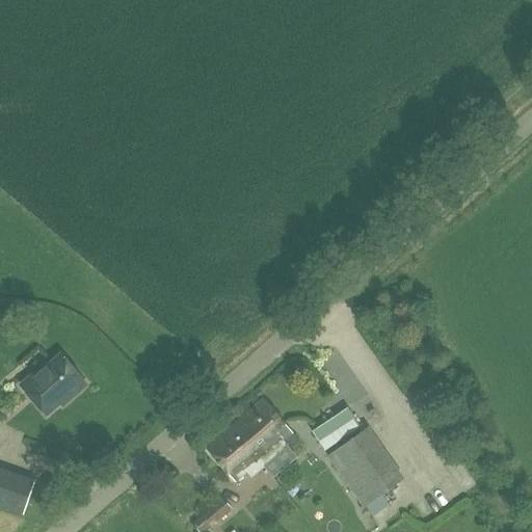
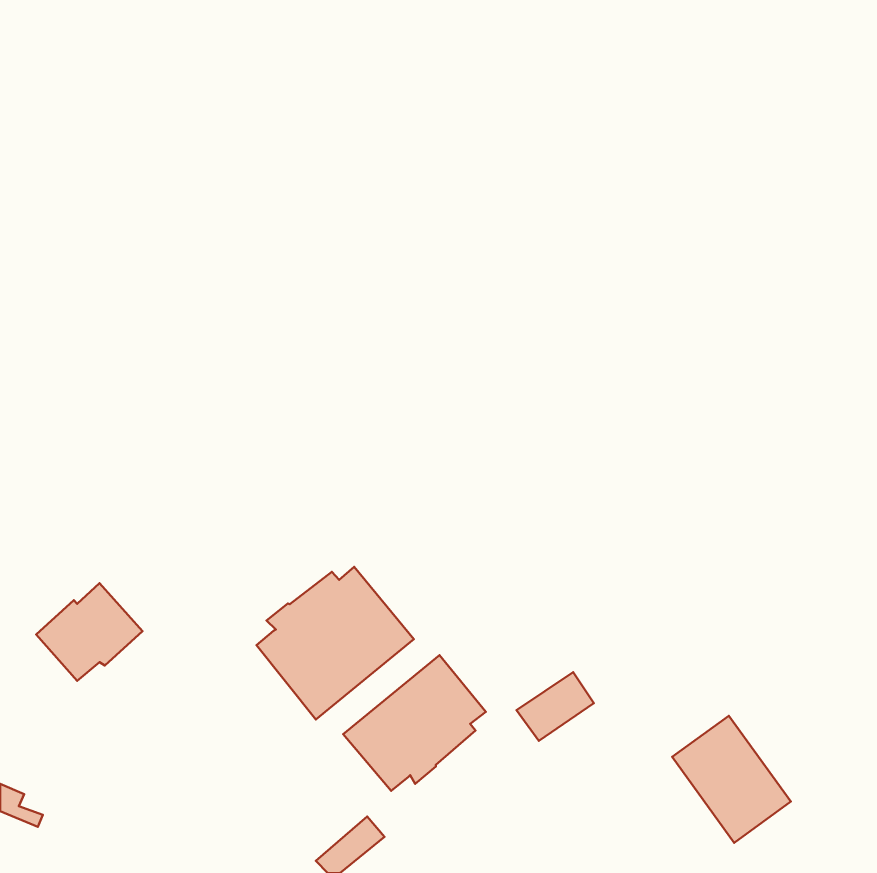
building: none -> [257,567,414,719]
building: [328,430,400,507] -> [672,716,791,843]

